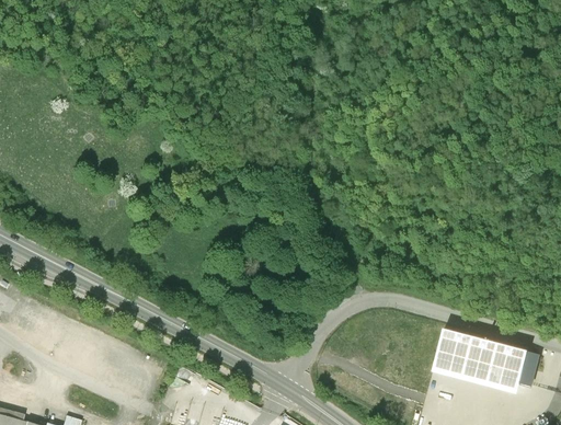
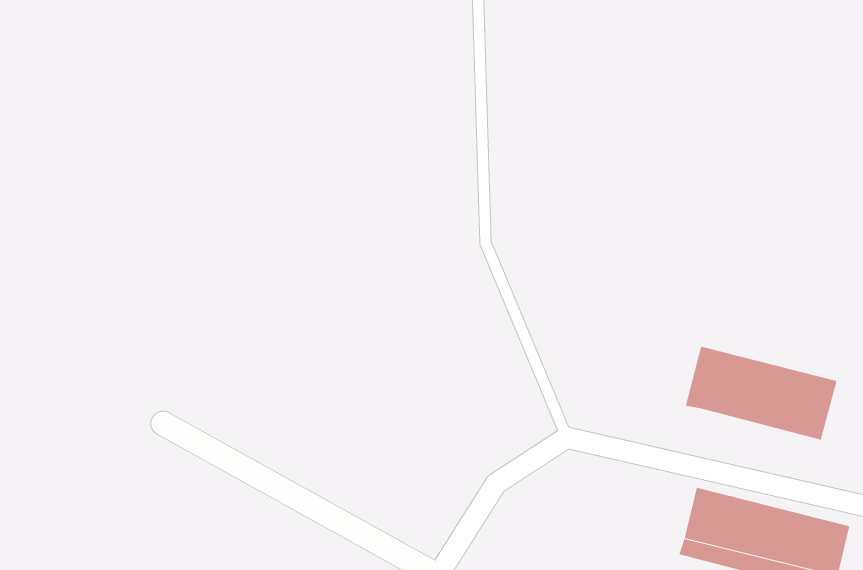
building: none -> [685,346,837,441]

